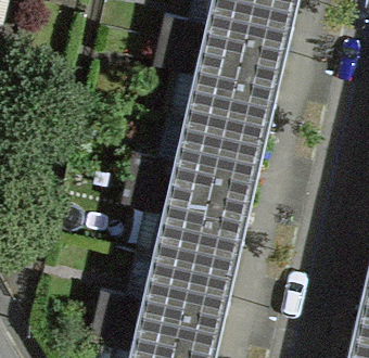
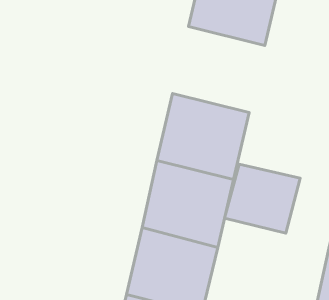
building: [196,44,292,133] -> none
building: none -> [224,164,300,233]

